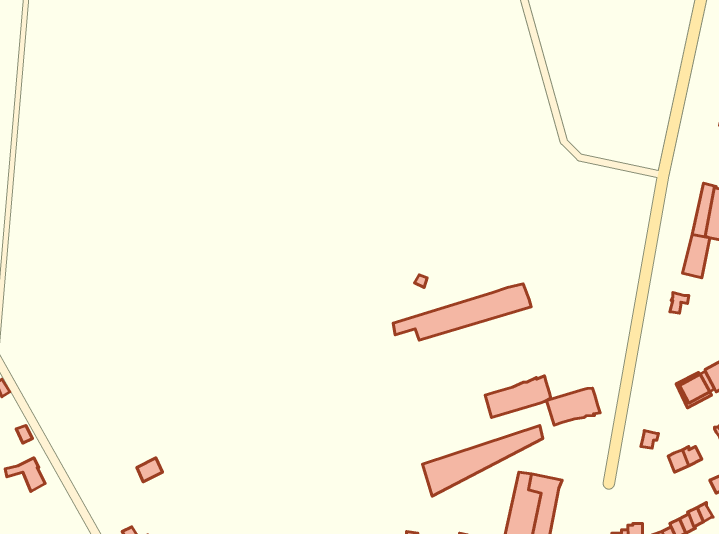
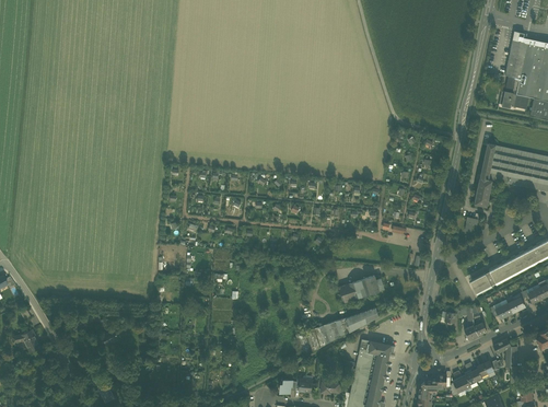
building: [393,284,531,340] -> none
building: [547,388,600,425] -> none

